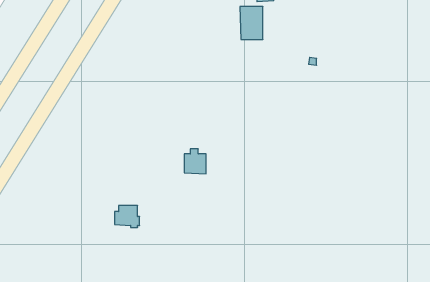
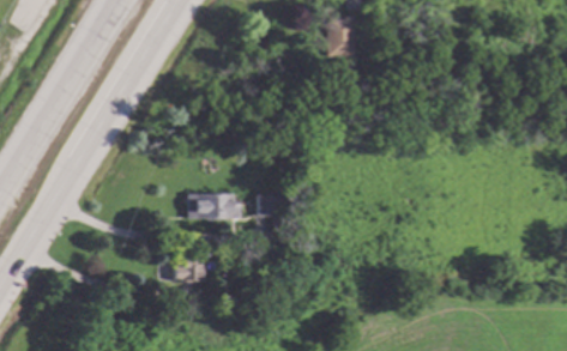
building: none -> [189,192,241,219]

